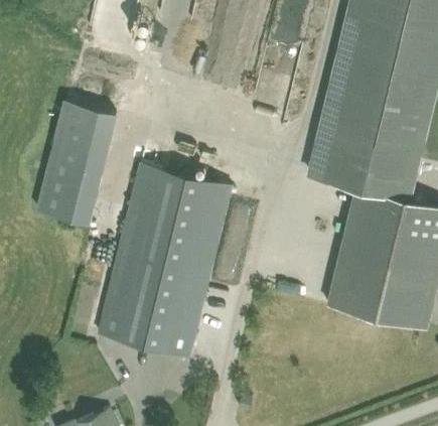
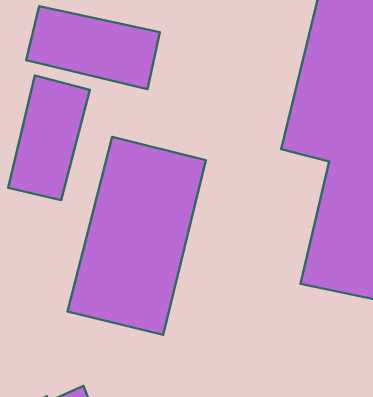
building: none -> [26,6,160,89]

